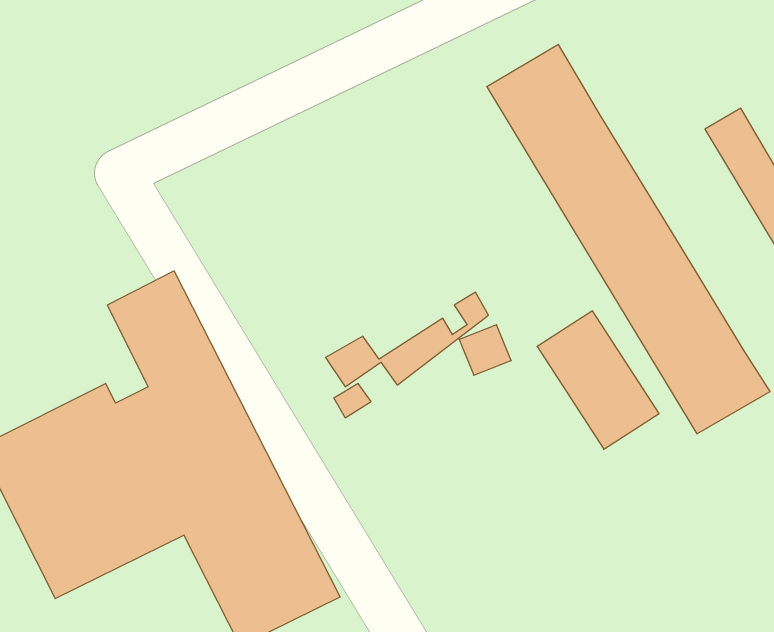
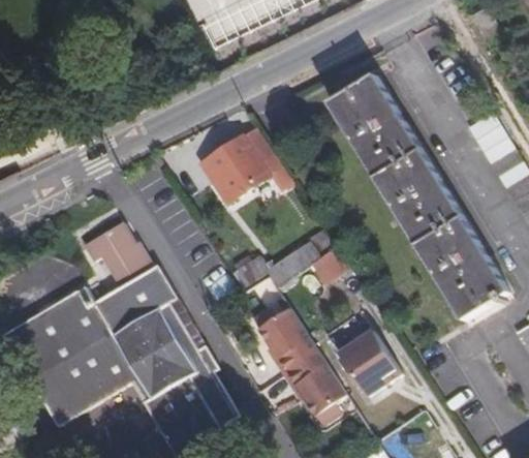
building: none -> [198,133,276,203]
building: [537,311,659,449] -> [325,309,403,397]
building: none -> [249,302,352,427]

